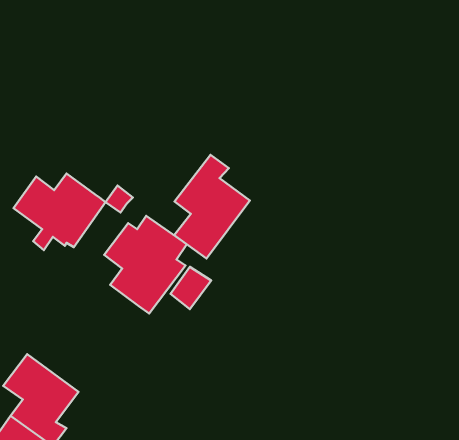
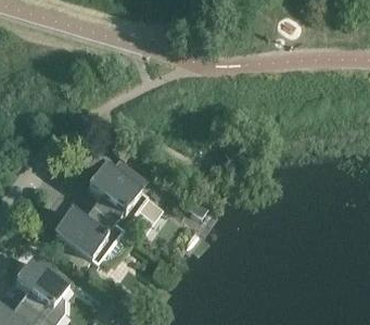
building: [174,155,250,258] -> none
building: [14,174,106,250] -> [53,208,119,263]

